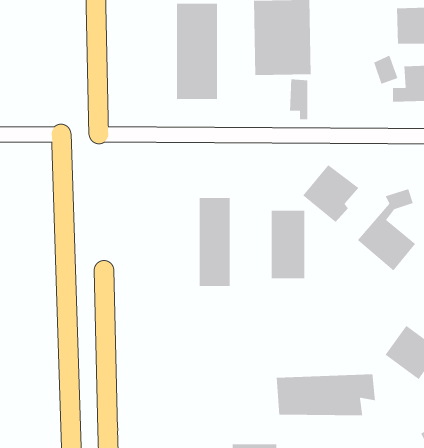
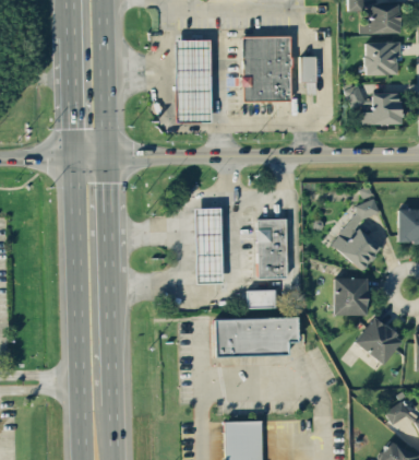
building: [289,79,308,120] -> [301,56,318,92]
building: [302,164,359,223] -> none
building: none -> [334,276,368,315]
building: none -> [248,290,276,308]
building: [276,373,376,416] -> [215,317,301,354]

